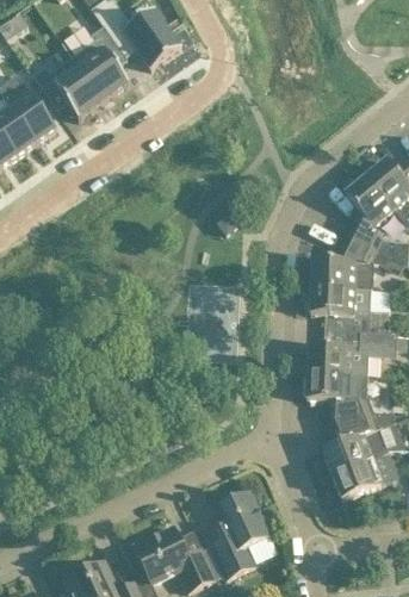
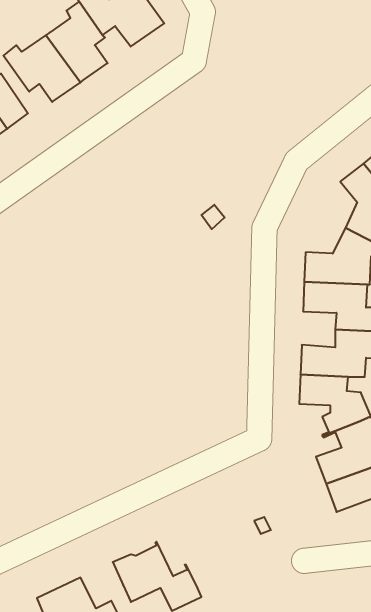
building: [210,491,268,577] -> none

